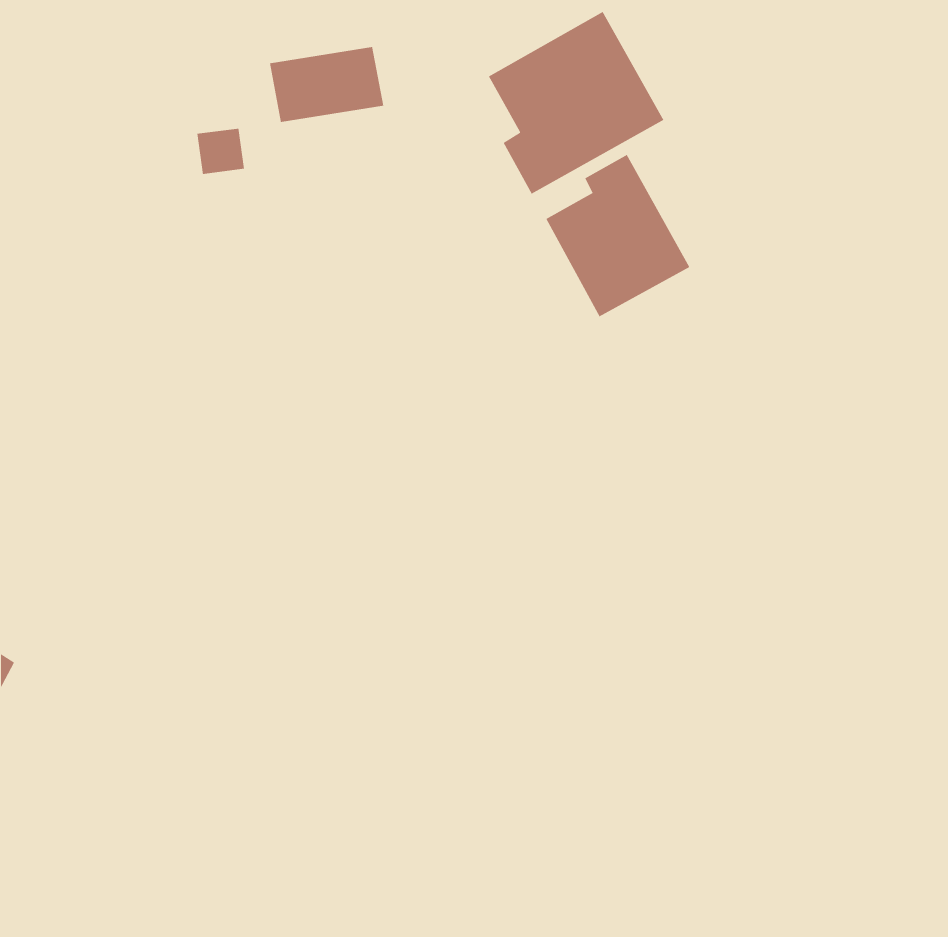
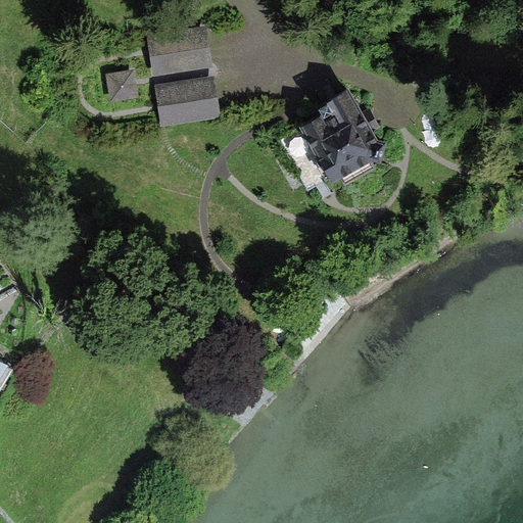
building: [488,11,664,194] -> none
building: none -> [156,82,219,124]

